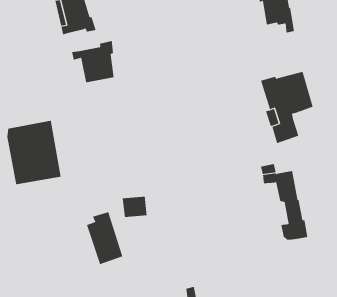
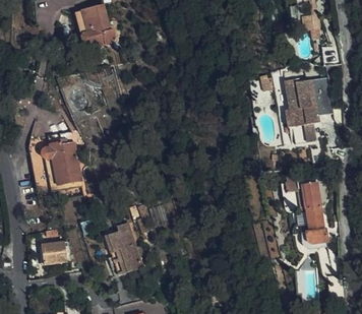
building: [71,40,114,83] -> none
building: none -> [41,238,66,263]

